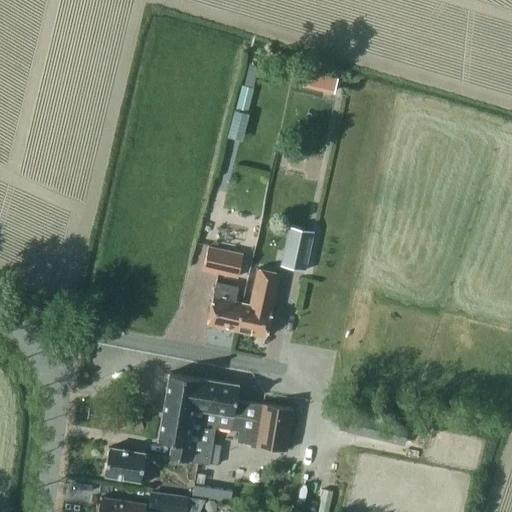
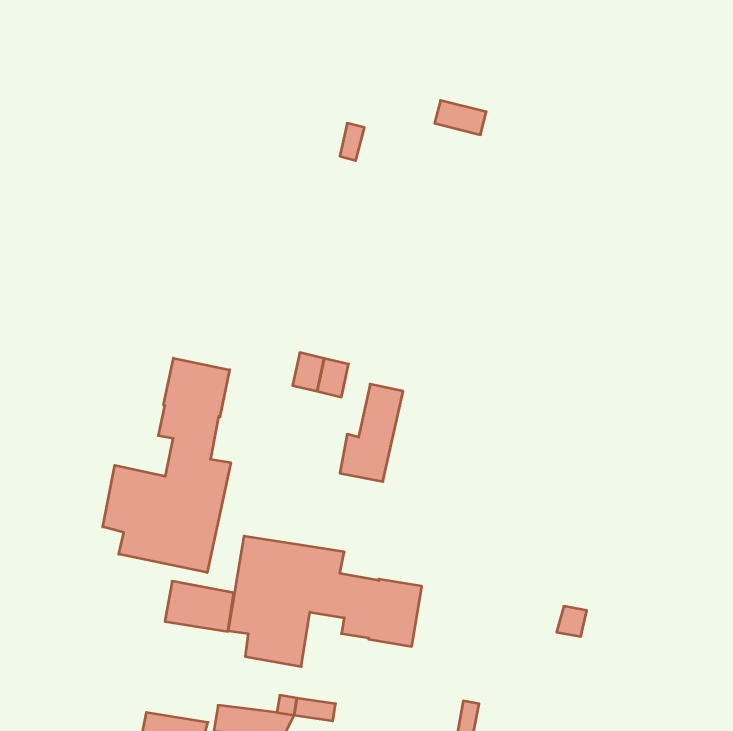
building: [280,227,314,272] -> none
building: none -> [103,358,231,573]
building: [208,283,242,331] -> none
building: [105,448,153,483] -> [165,581,234,631]

